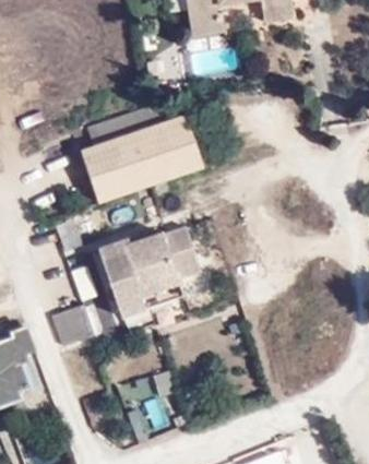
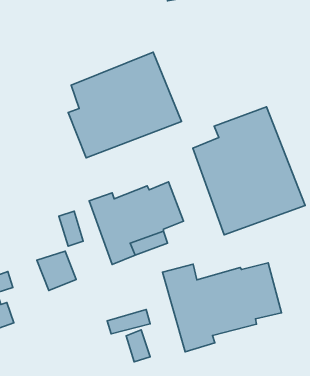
building: none -> [193,107,305,235]
building: none -> [163,263,281,352]

